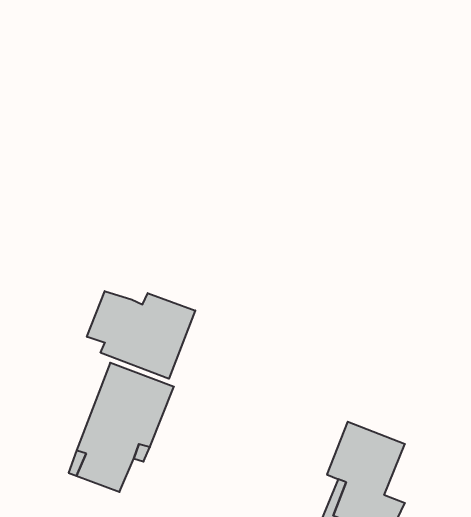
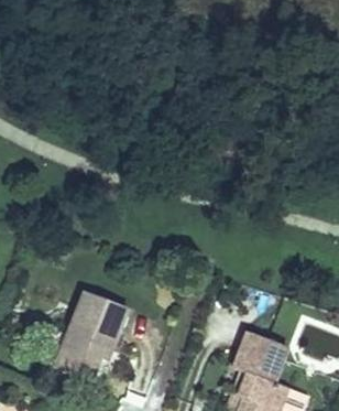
building: [87,291,195,379] -> none

